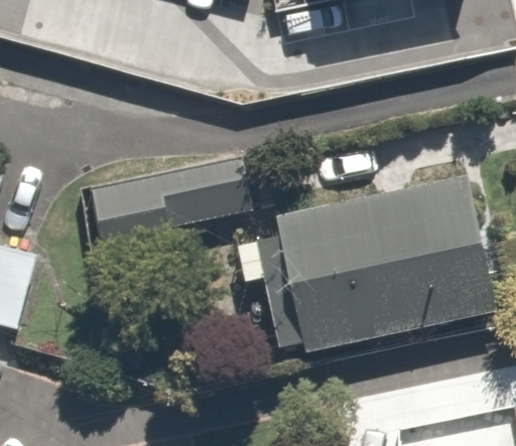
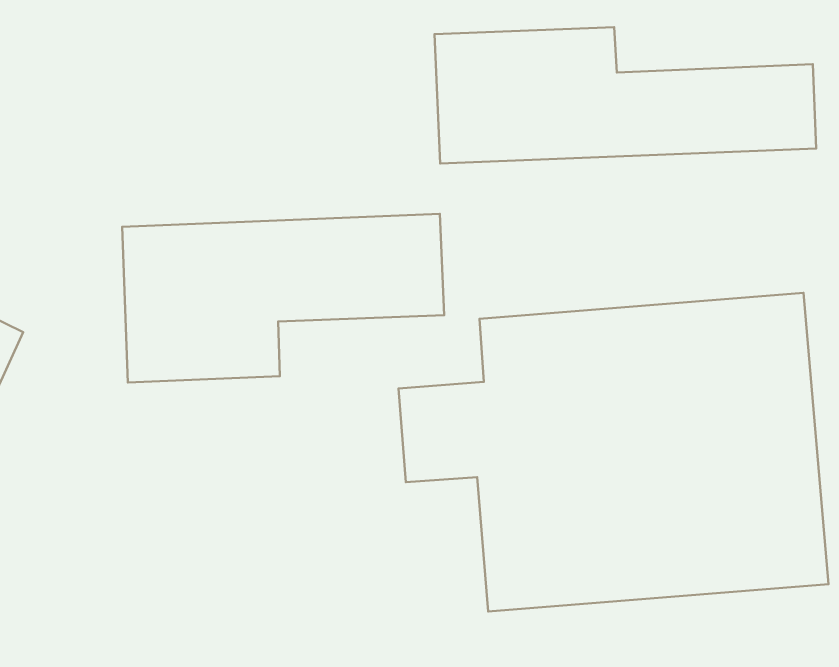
building: none -> [435,27,816,164]

